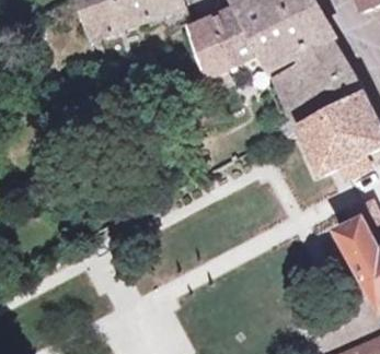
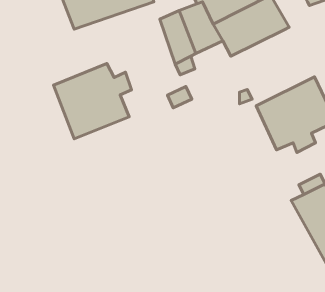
building: [268,38,349,103] -> none
building: none -> [53,63,132,139]

